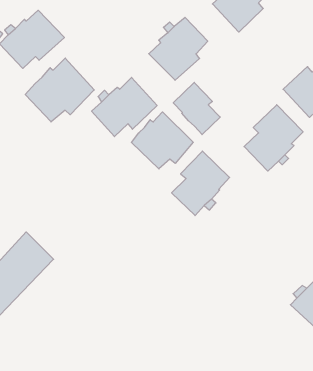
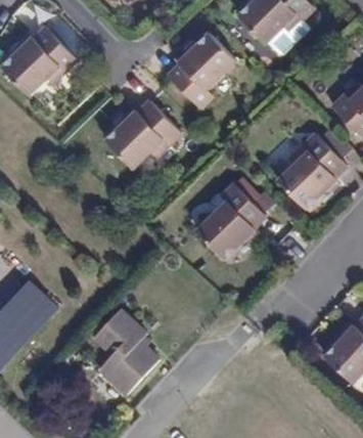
building: [25,58,94,122] -> none
building: [173,82,220,135] -> none
building: [131,112,193,169] -> none
building: none -> [97,310,163,396]

